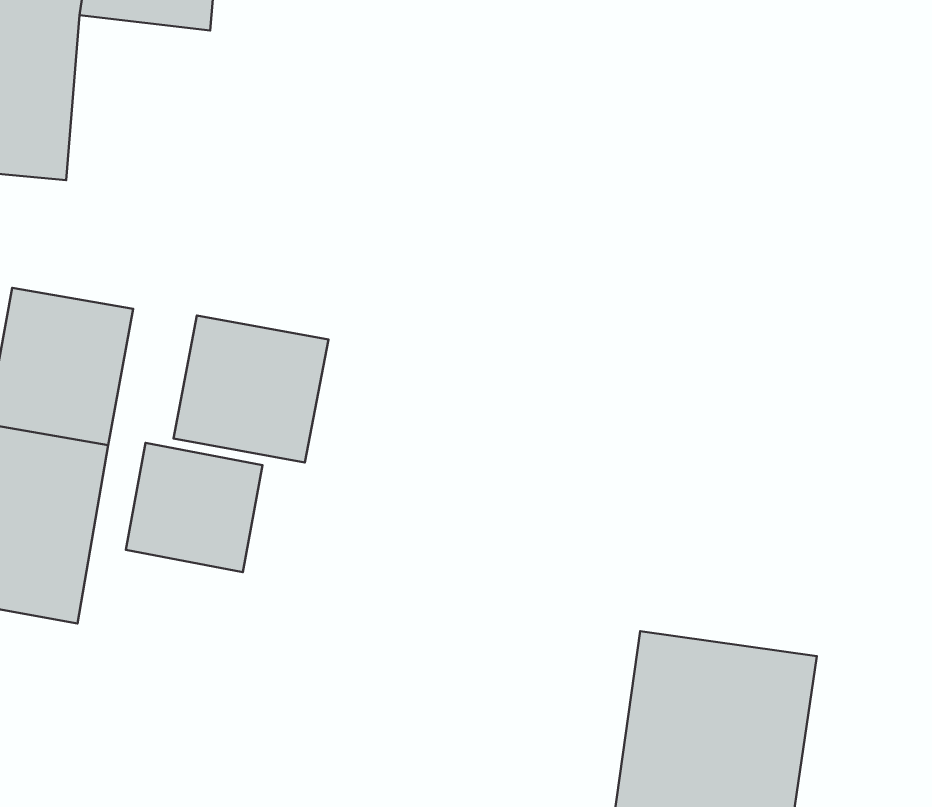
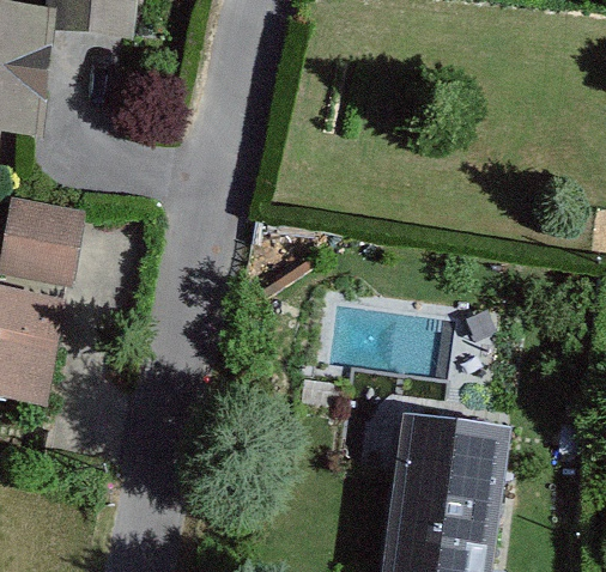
building: [173,315,328,463] -> none
building: [126,443,263,572] -> none

